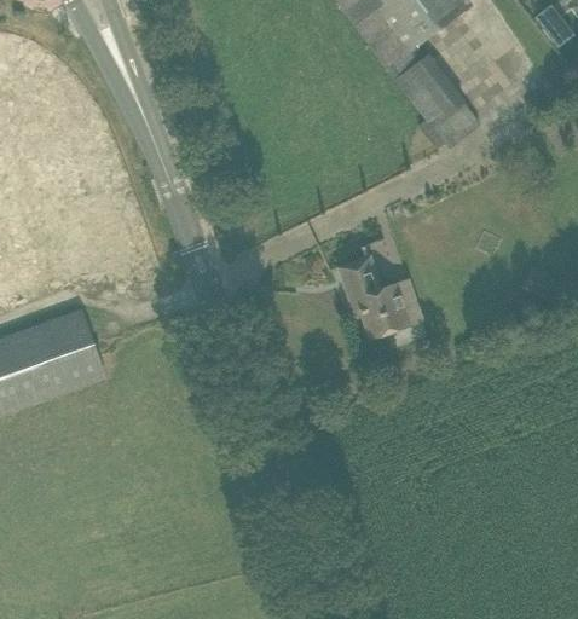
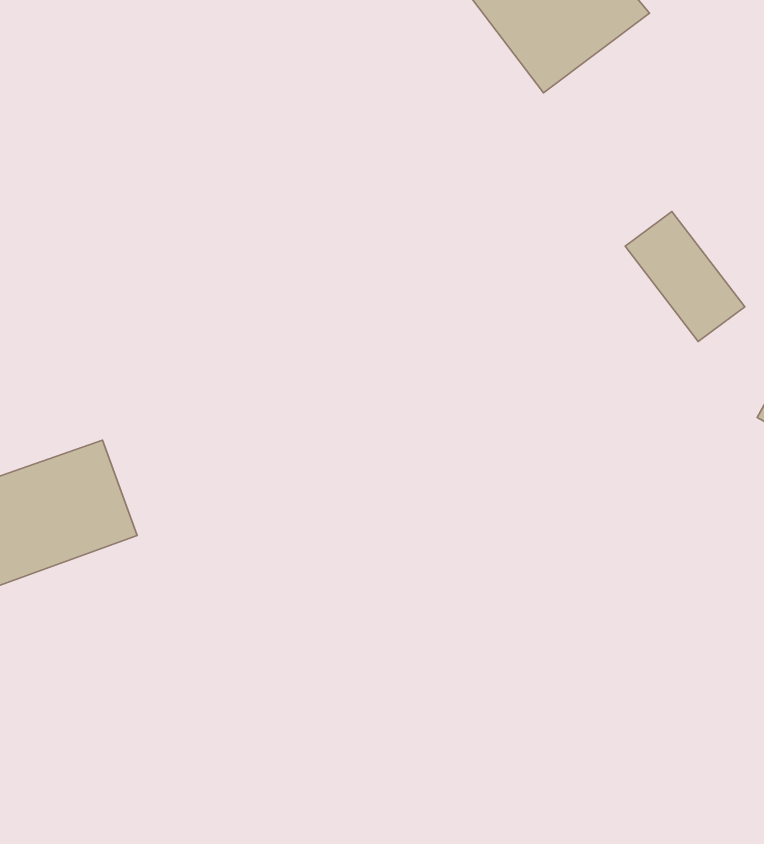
building: [395,54,479,145] -> [625,211,745,342]
building: [336,254,414,339] -> none

